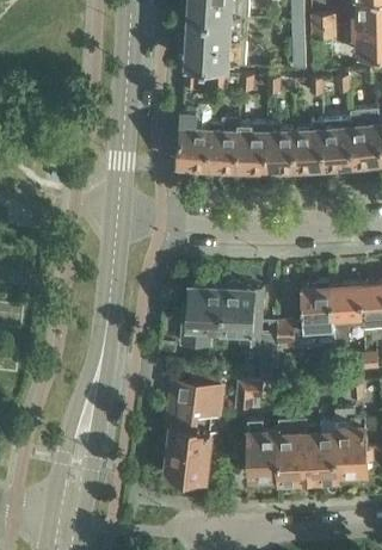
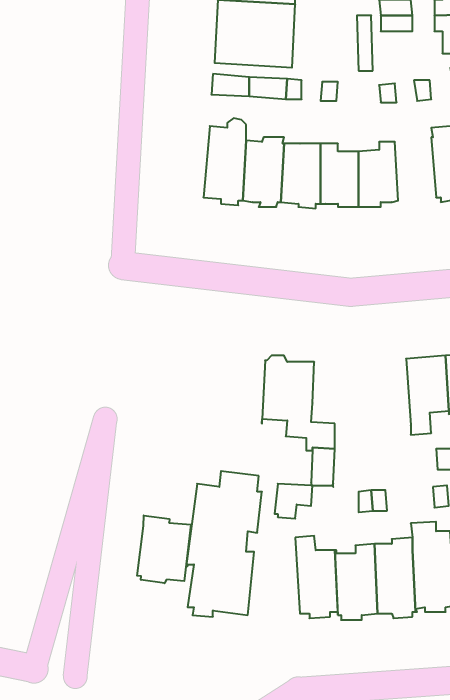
building: [321,119,352,171] -> none
building: [276,283,333,348] -> none
building: [180,286,223,346] -> none
building: none -> [137,515,191,583]

